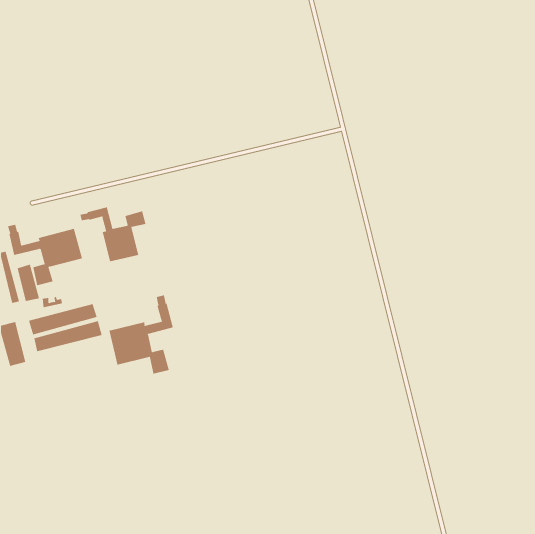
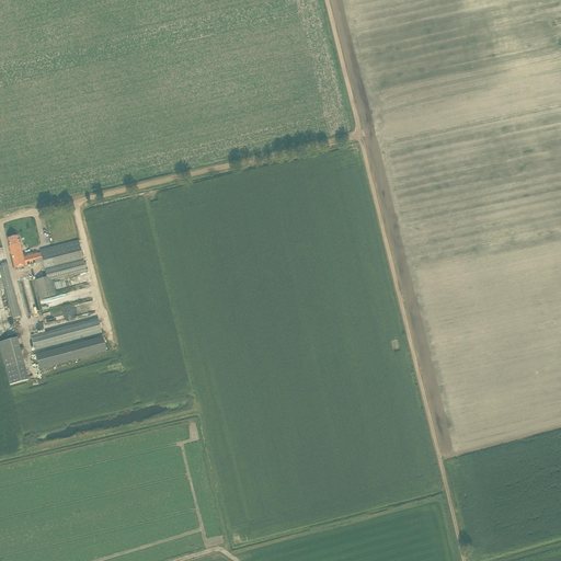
building: [80,207,146,262] -> none
building: [109,294,174,374] -> none

